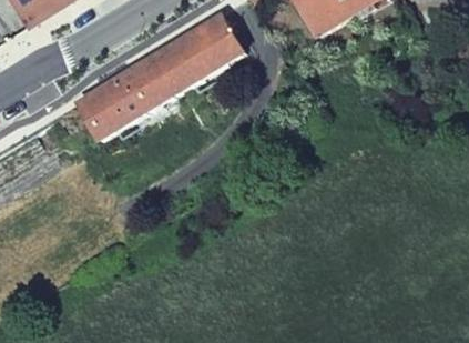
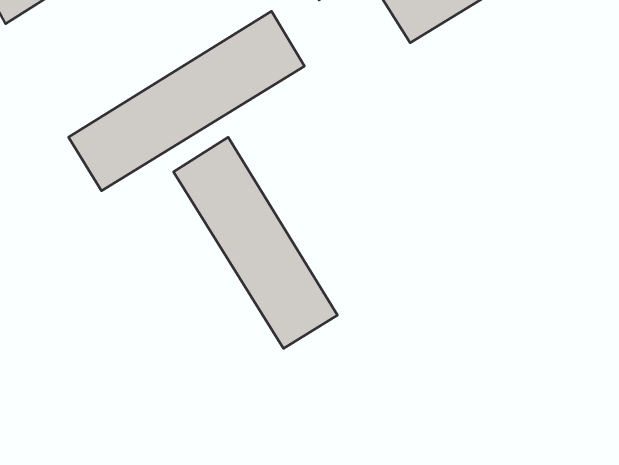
building: none -> [173,137,338,349]

